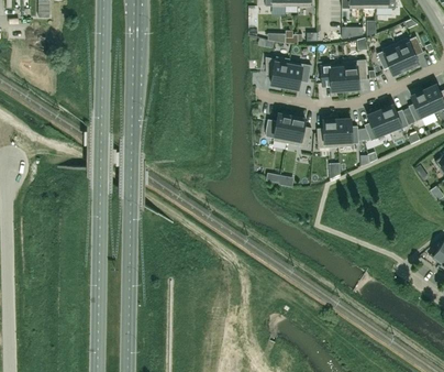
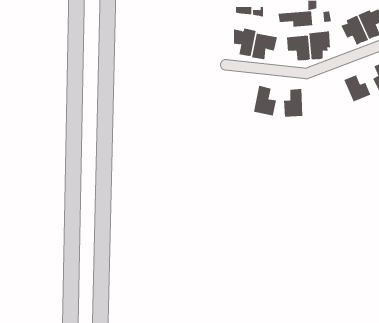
building: none -> [278,10,313,28]
building: [366,109,390,140] -> none
building: [266,112,292,142] -> none
building: [337,118,359,146] -> none

